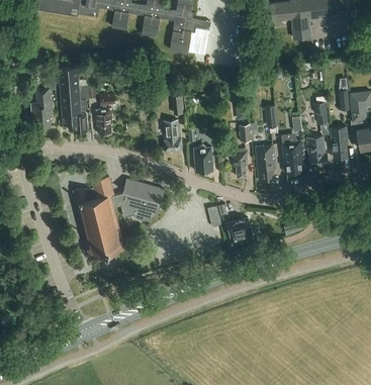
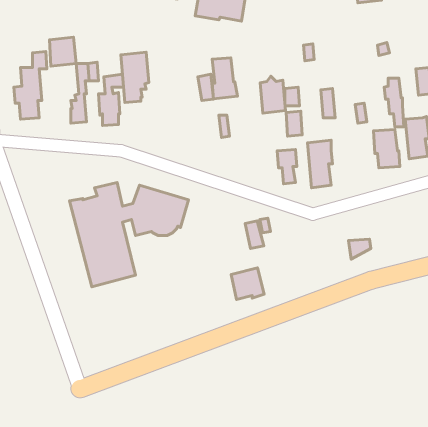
building: [59,86,80,124] -> [121,52,149,102]
building: [163,120,182,152] -> [212,58,237,99]
building: [282,140,304,173] -> none
building: [193,143,212,172] -> [260,76,285,113]
building: [226,218,252,243] -> [231,268,264,300]

